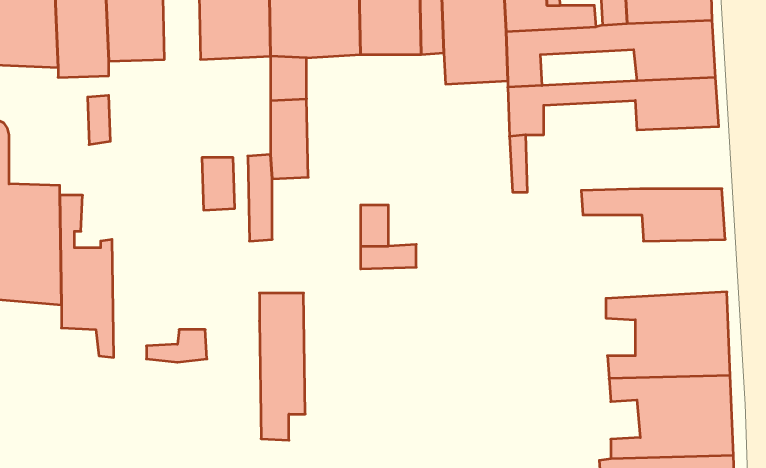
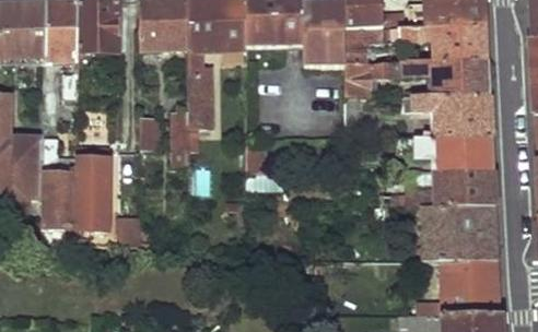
building: none -> [414,93,491,134]
building: none -> [383,168,494,210]
building: [259,293,305,440] -> [83,150,114,248]

